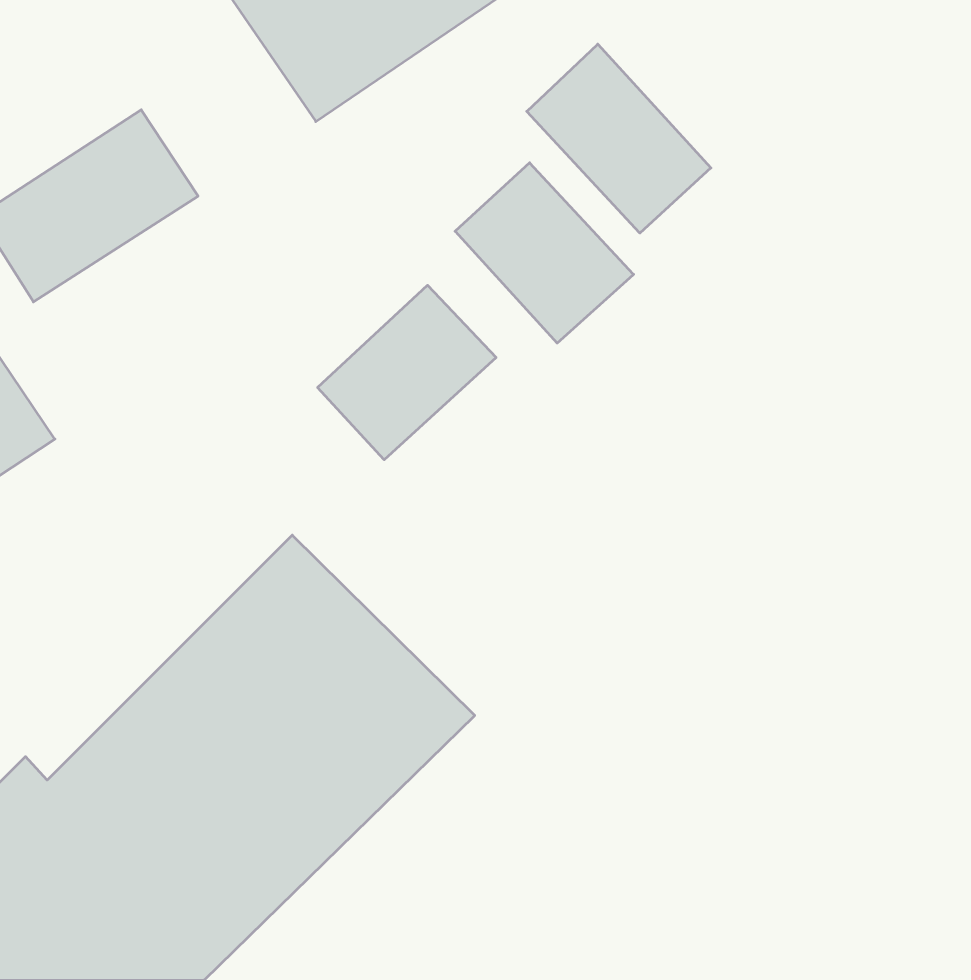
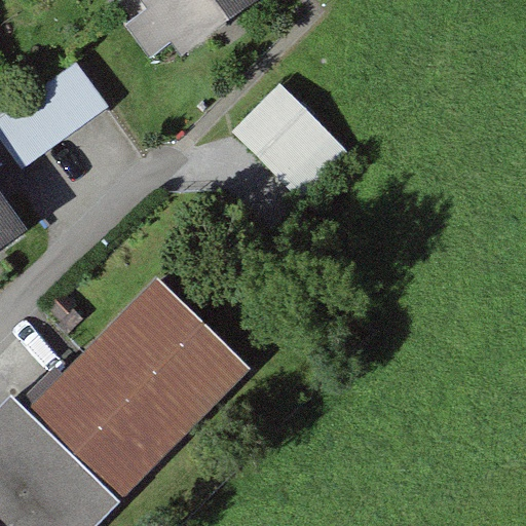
building: [527,44,711,233] -> none
building: [318,285,496,460] -> none

